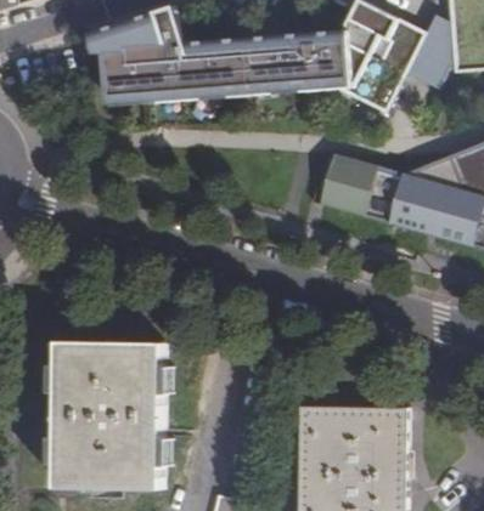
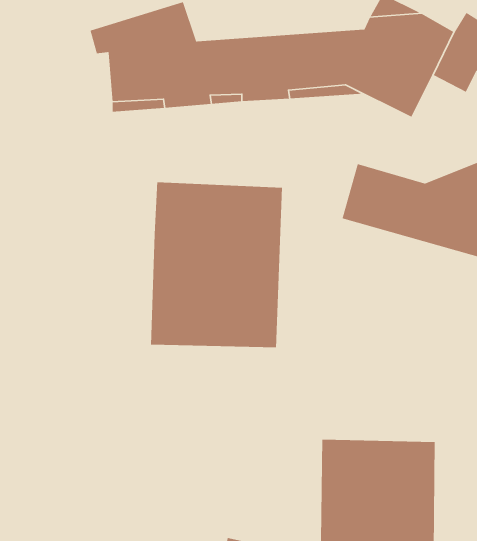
building: none -> [150,181,283,348]
building: [58,341,164,489] -> none

